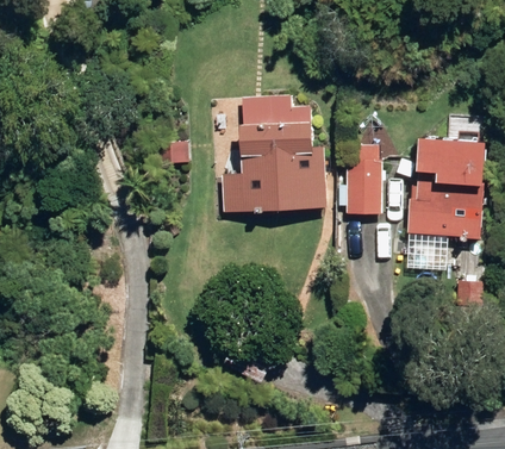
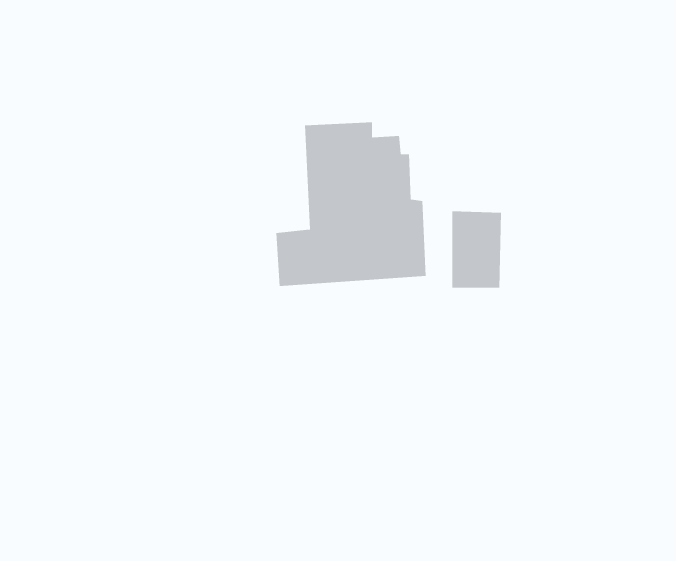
building: [404,136,488,241] -> none

